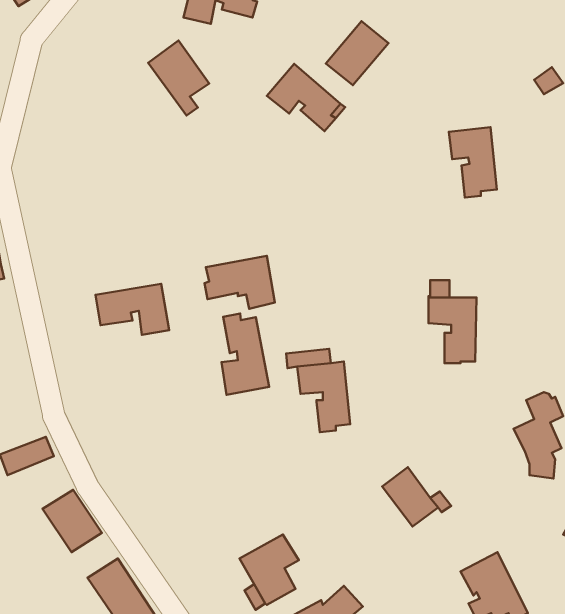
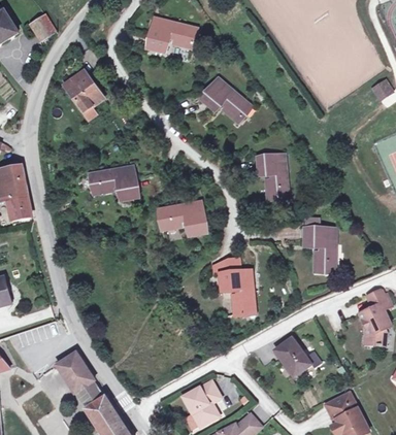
building: [326,21,389,85] -> none
building: [148,40,209,116] -> [64,70,103,119]
building: [449,127,497,197] -> [257,154,288,199]
building: [96,284,169,335] -> [90,166,137,199]
building: [221,314,269,395] -> none
building: none -> [74,379,104,408]

